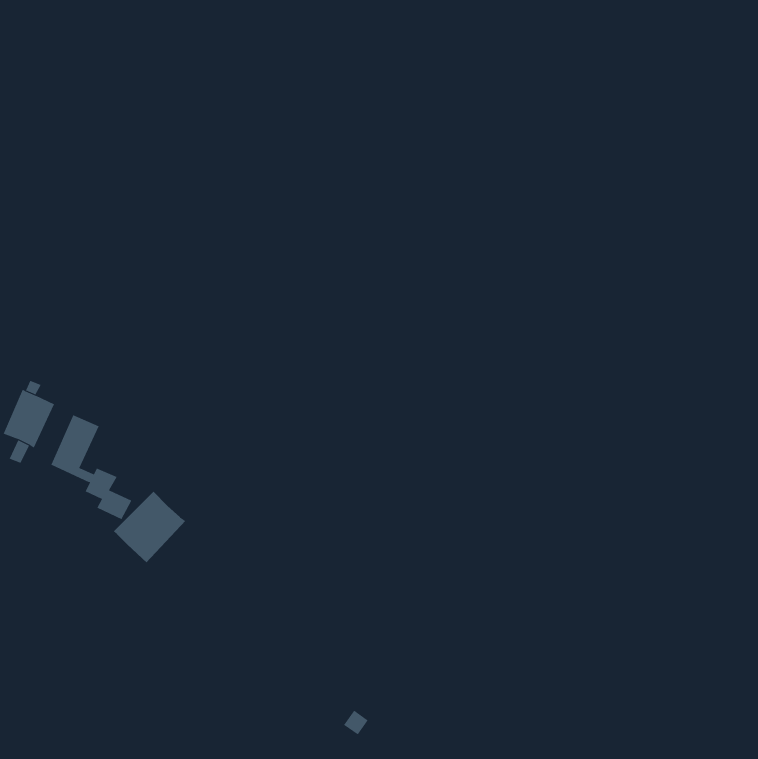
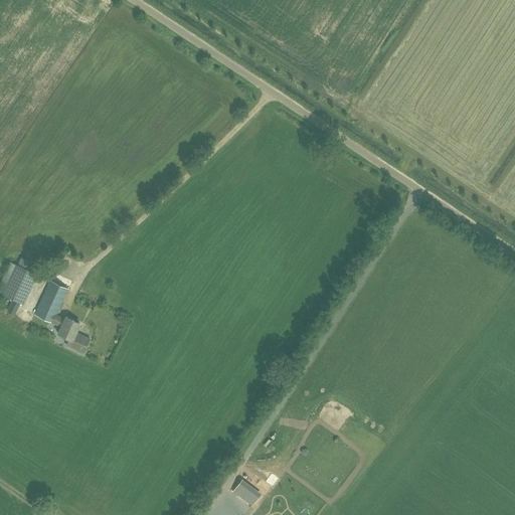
building: [113,491,186,563] -> none

